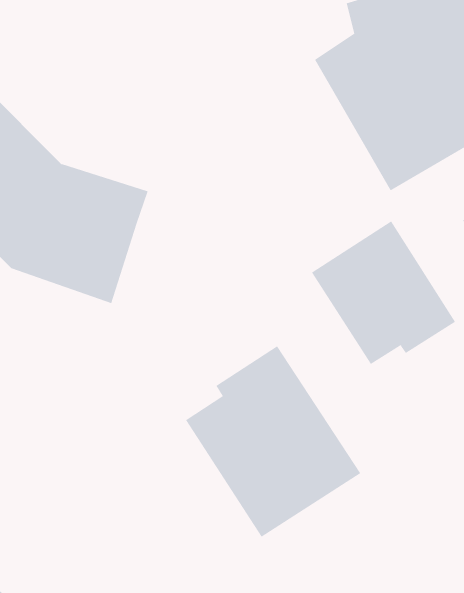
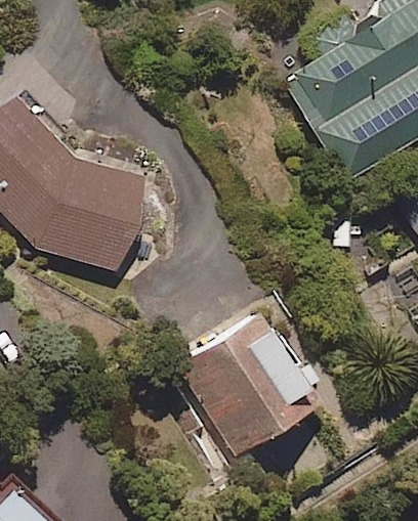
building: [311,221,456,365] -> none

